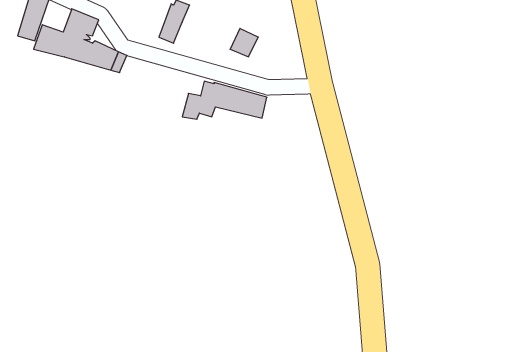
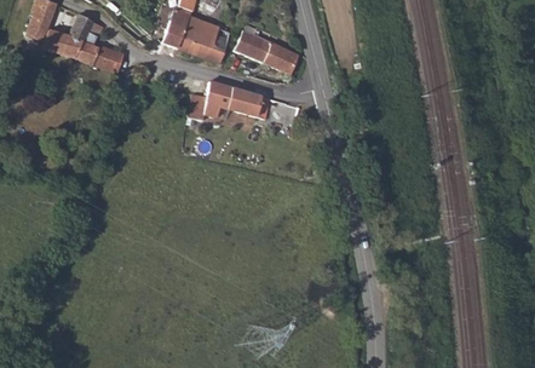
building: none -> [179,24,229,58]
building: none -> [253,39,298,74]

